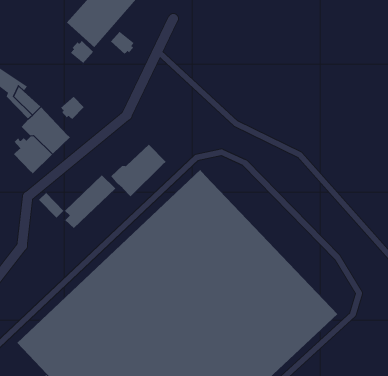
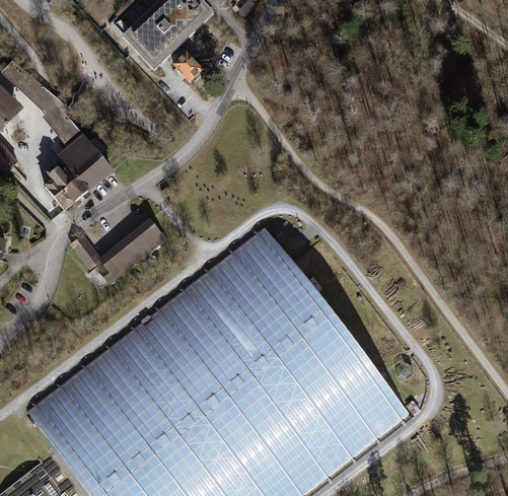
building: [70,40,94,64] -> none
building: [60,96,84,120] -> none
building: [110,144,167,197] -> none

